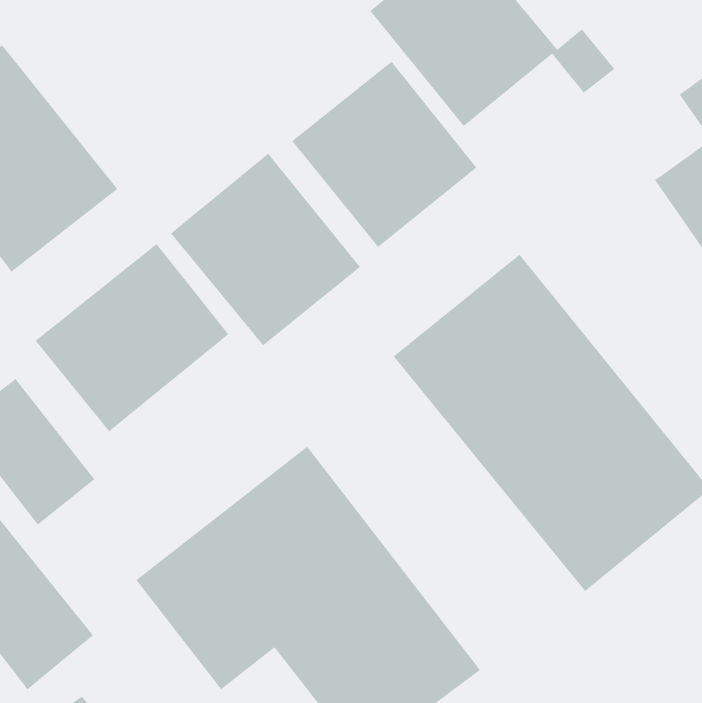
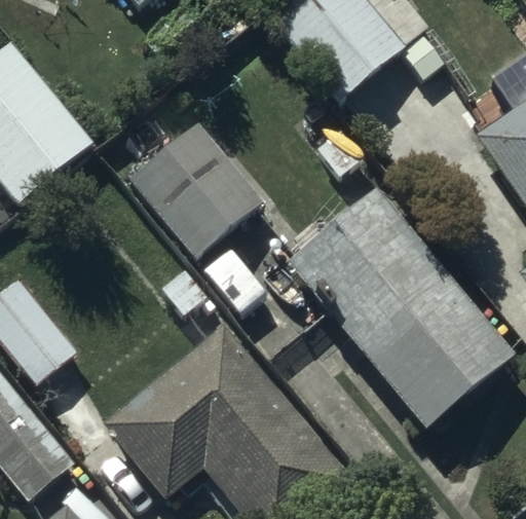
building: [291,61,477,248] -> none
building: [35,243,229,432] -> none

